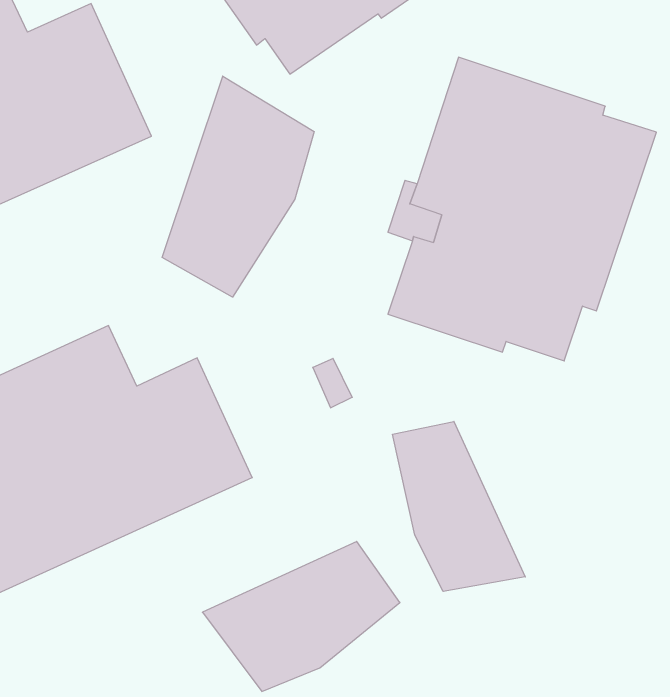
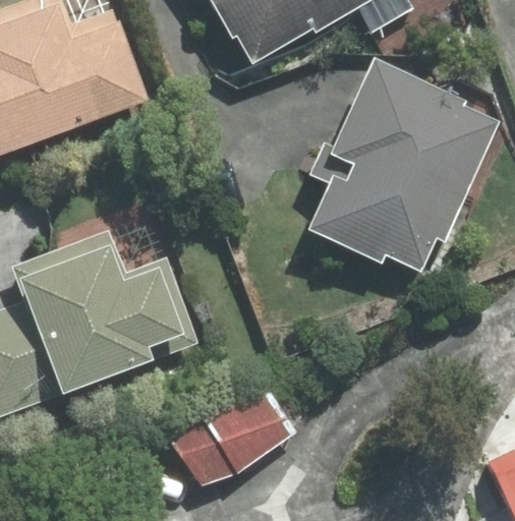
building: [162,76,314,297] -> none
building: [393,421,525,591] -> none

